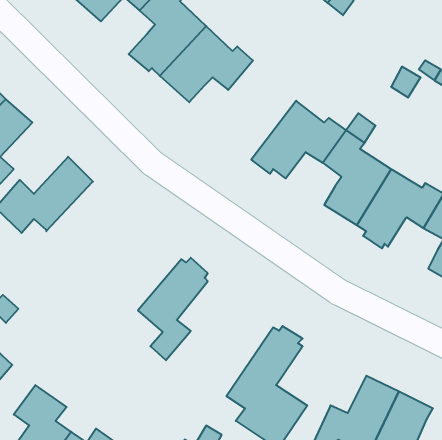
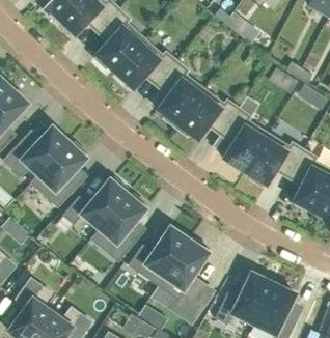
building: none -> [157,61,204,128]
building: none -> [30,142,86,206]
building: none -> [62,177,128,228]
building: none -> [128,226,189,285]

